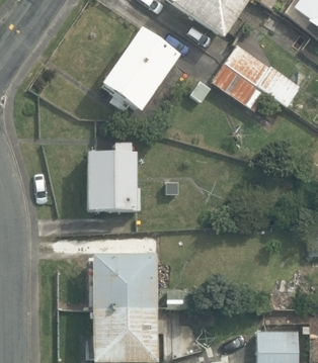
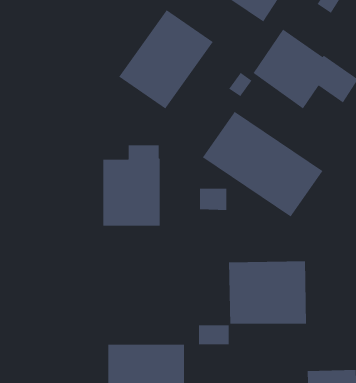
building: none -> [202,111,324,217]
building: [90,254,156,307] -> [228,260,307,325]

